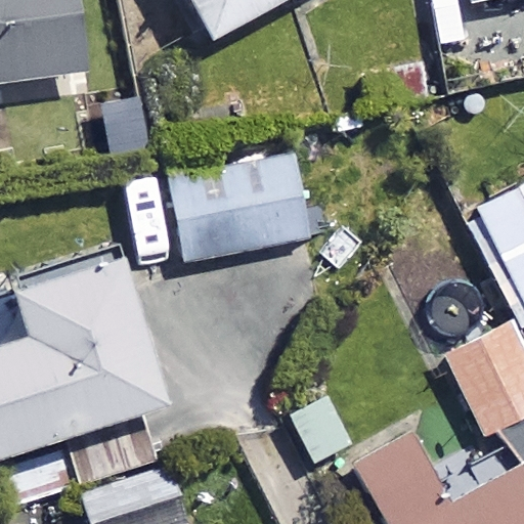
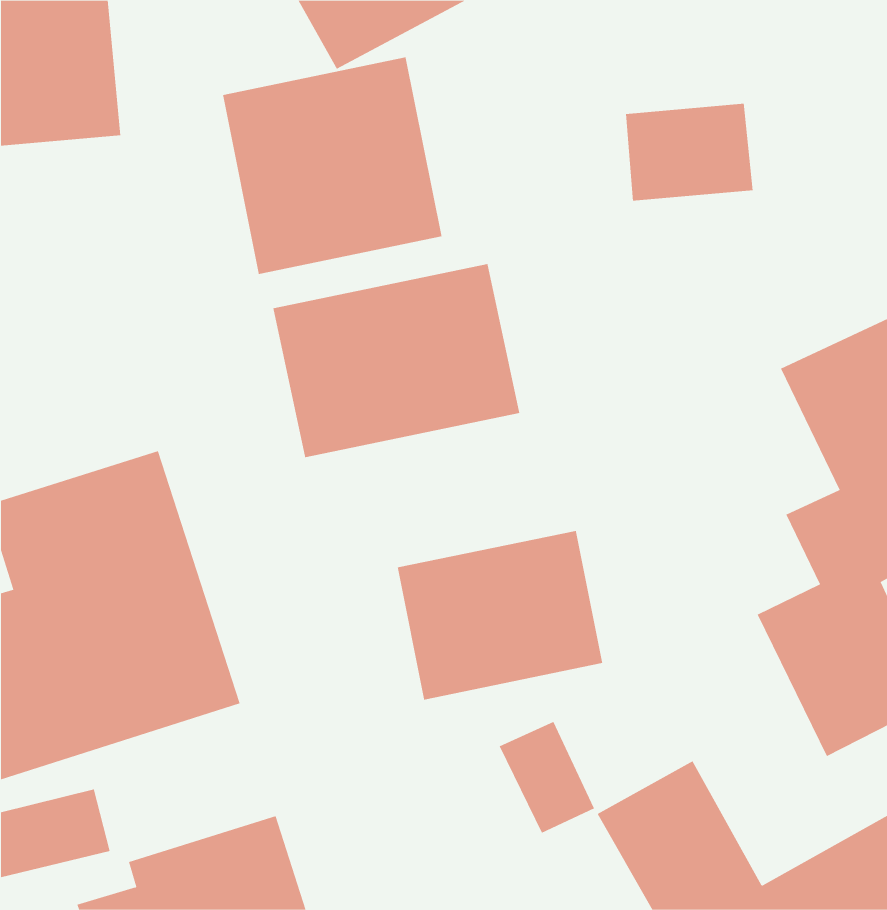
building: none -> [222,57,442,275]
building: none -> [397,530,603,701]

